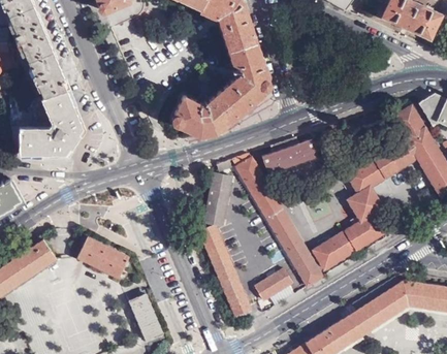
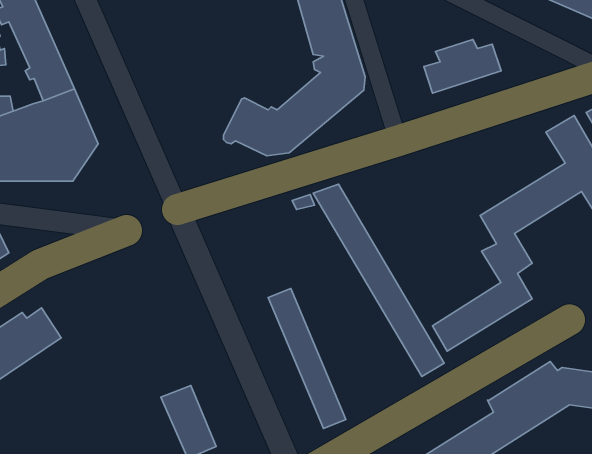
building: [261,138,315,175] -> [424,40,501,93]
building: [204,174,231,226] -> none
building: [76,236,129,280] -> none
building: [255,268,292,300] -> none

